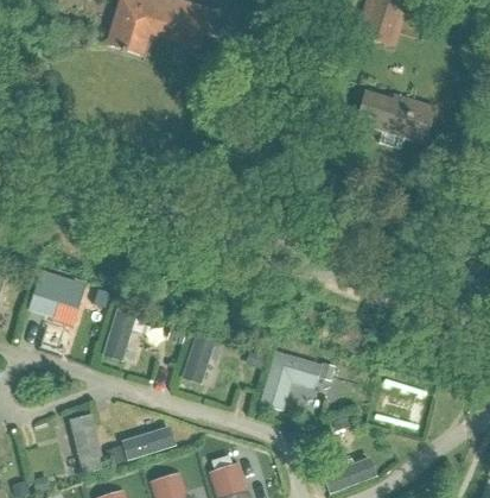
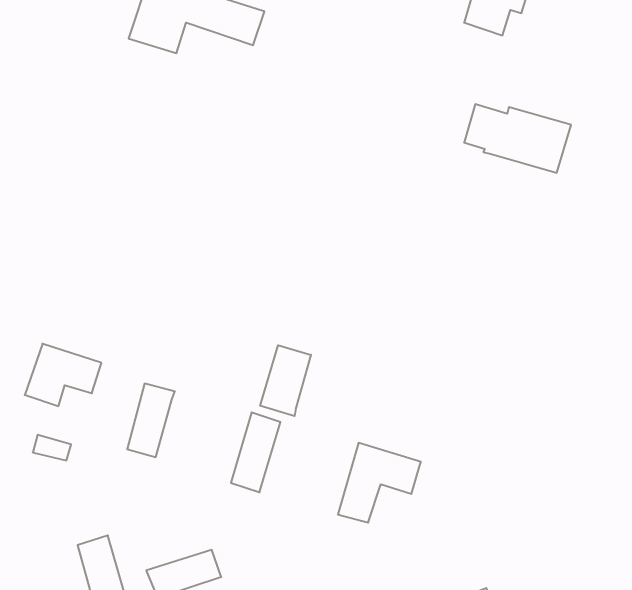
building: none -> [260,345,311,416]

